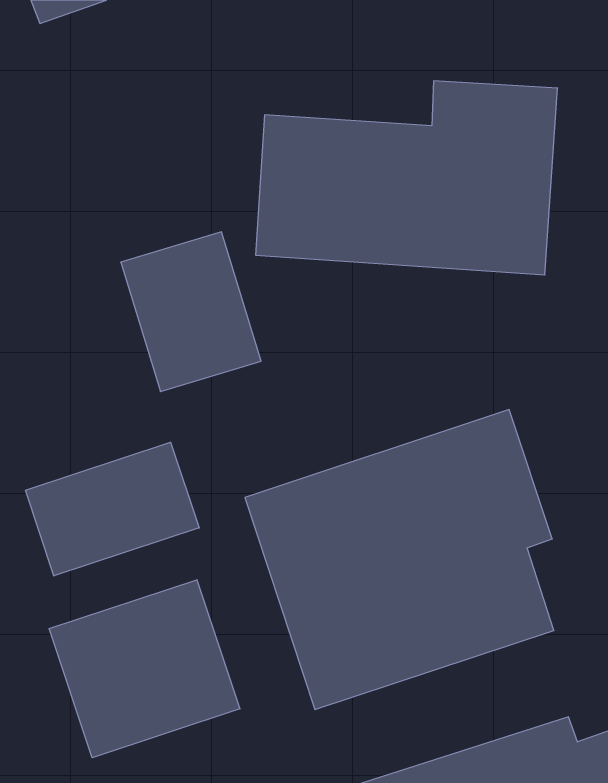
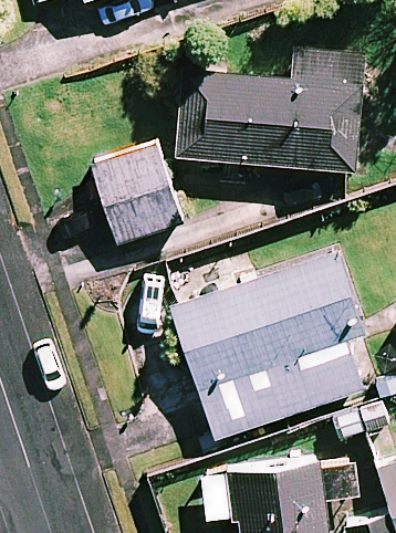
building: [25,442,199,576] -> none
building: [49,580,240,758] -> none

